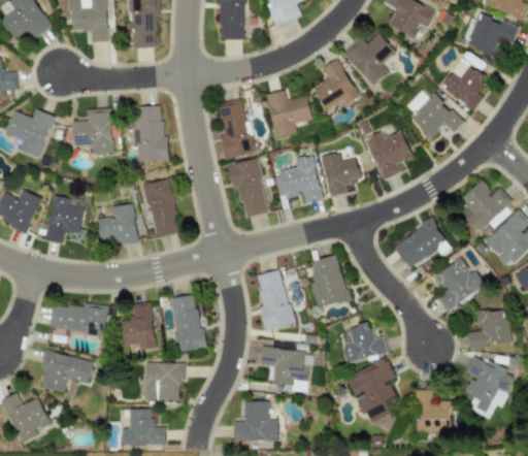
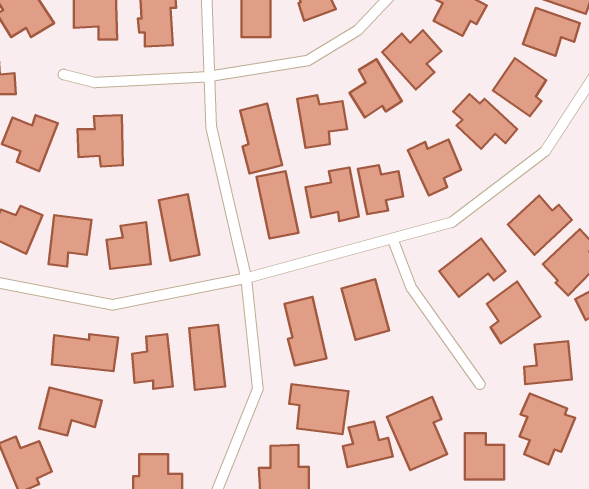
building: [137,105,166,162] -> none
building: [342,322,387,362] -> [343,422,393,467]
building: [144,362,185,400] -> none

